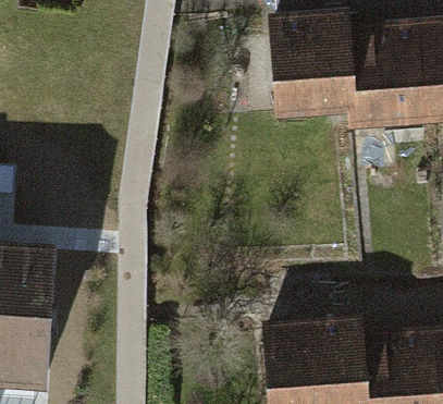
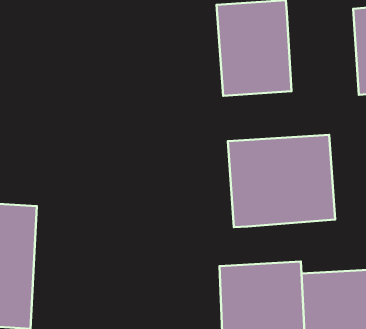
building: [343,21,427,125] -> none
building: none -> [228,135,335,227]

